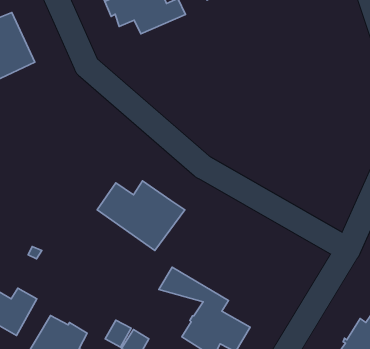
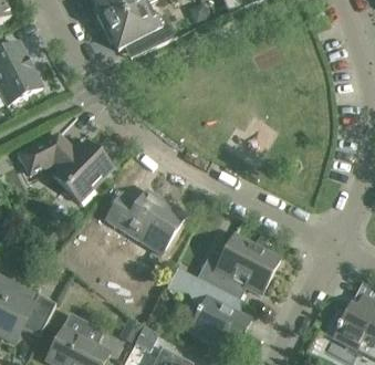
building: none -> [20,134,113,202]
building: none -> [197,233,280,299]

